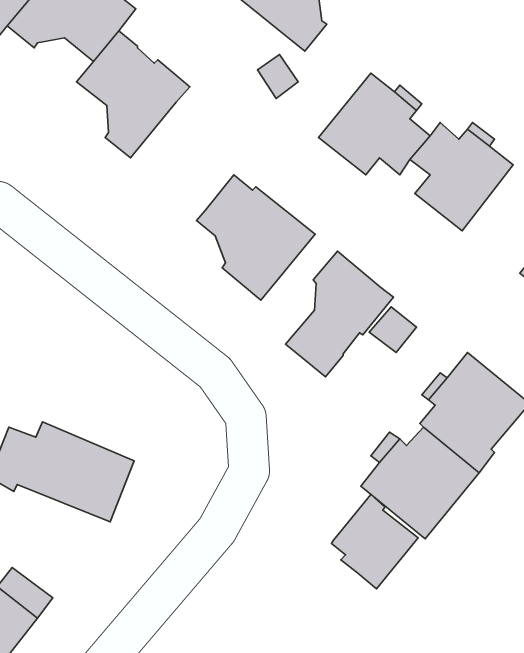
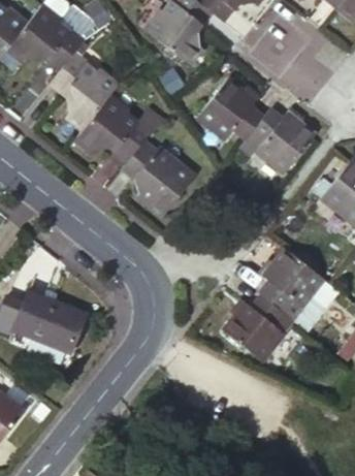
building: none -> [74,96,164,162]
building: [285,251,394,377] -> none
building: [331,494,418,589] -> none

